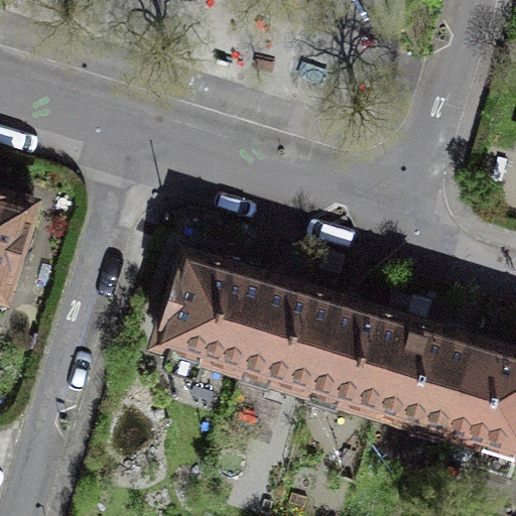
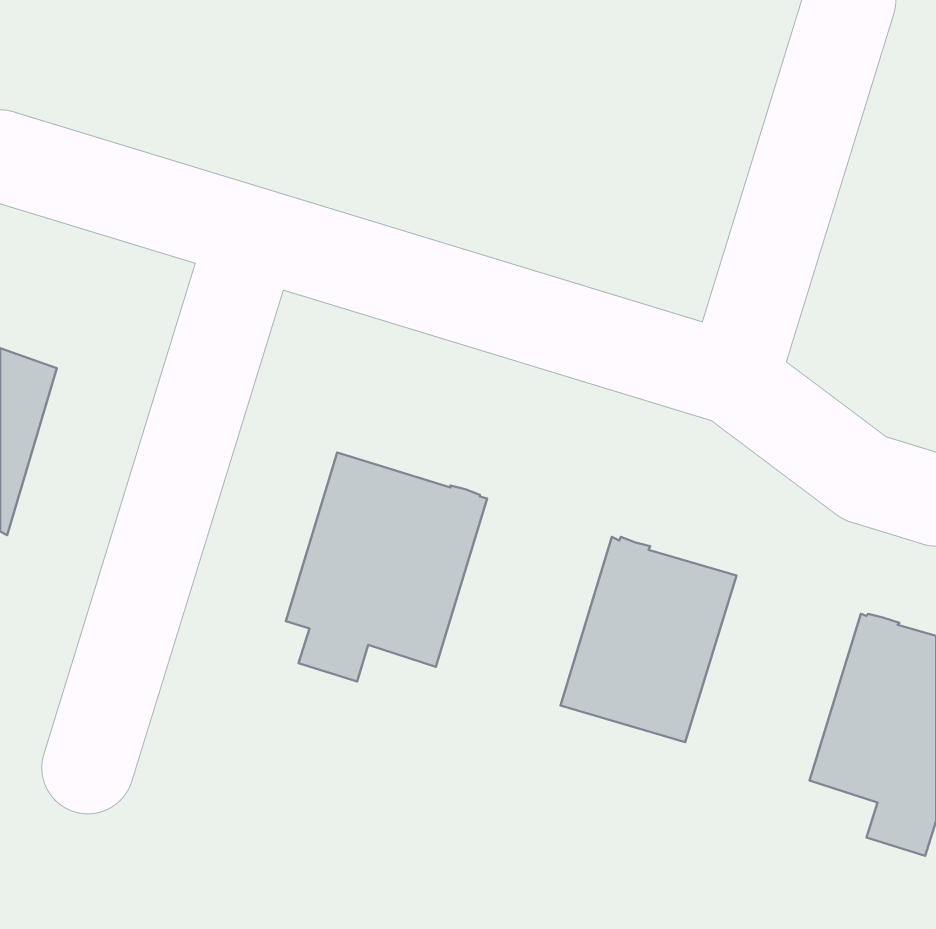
building: [240,278,337,392] -> none
building: [377,320,474,433] -> none

